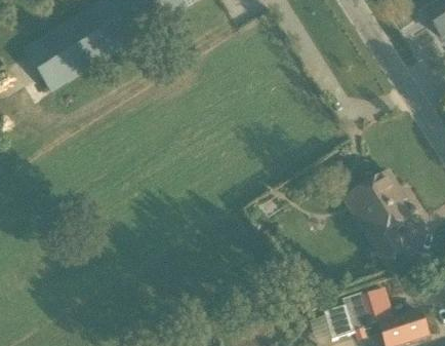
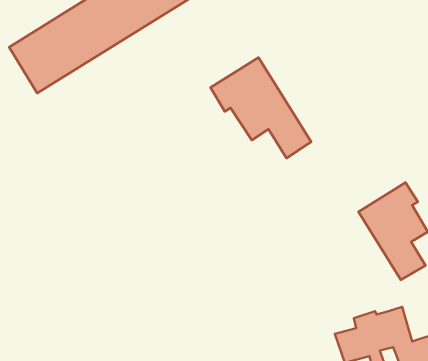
building: none -> [210,57,311,158]

